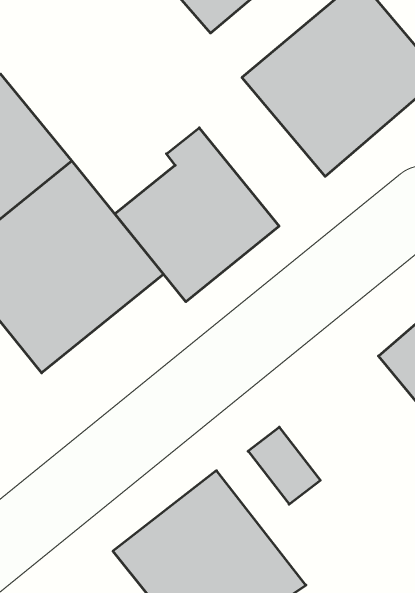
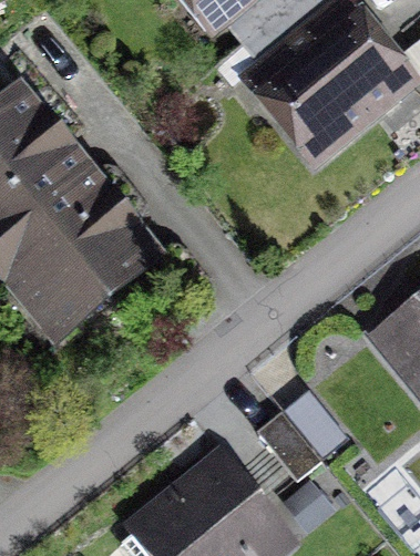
building: [115,128,279,302] -> none

